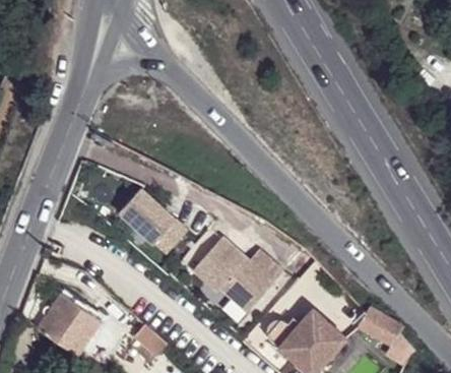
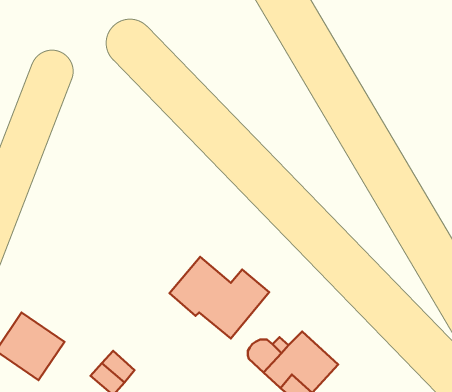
building: [118,189,188,258] -> none
building: [359,308,401,345] -> none

